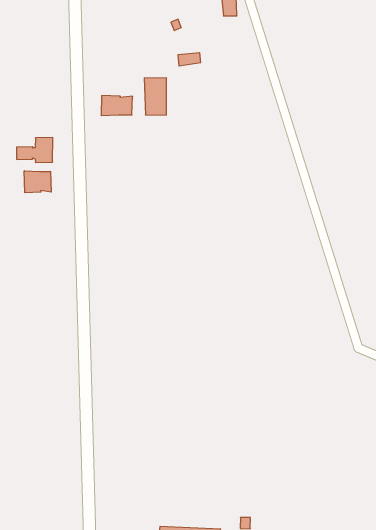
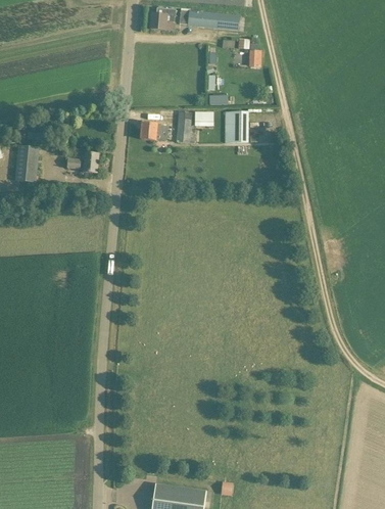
building: none -> [224,110,248,143]
building: [24,171,51,193] -> none

